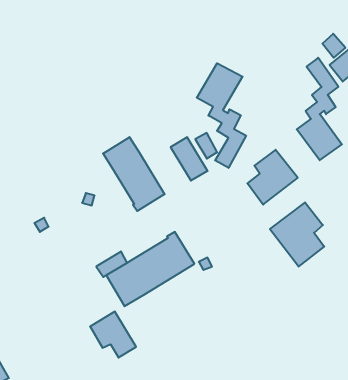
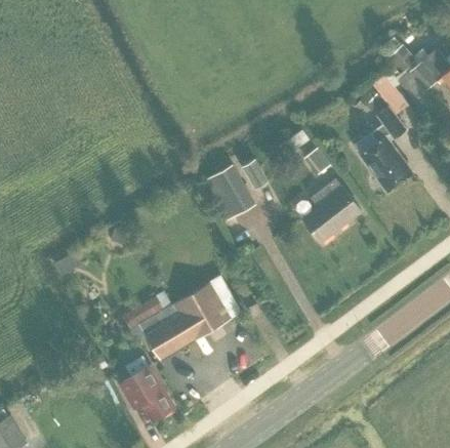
building: [197,63,246,168] -> none
building: [103,137,165,211] -> none
building: [270,202,324,267] -> none

